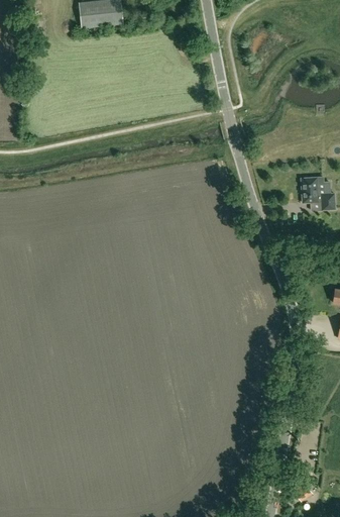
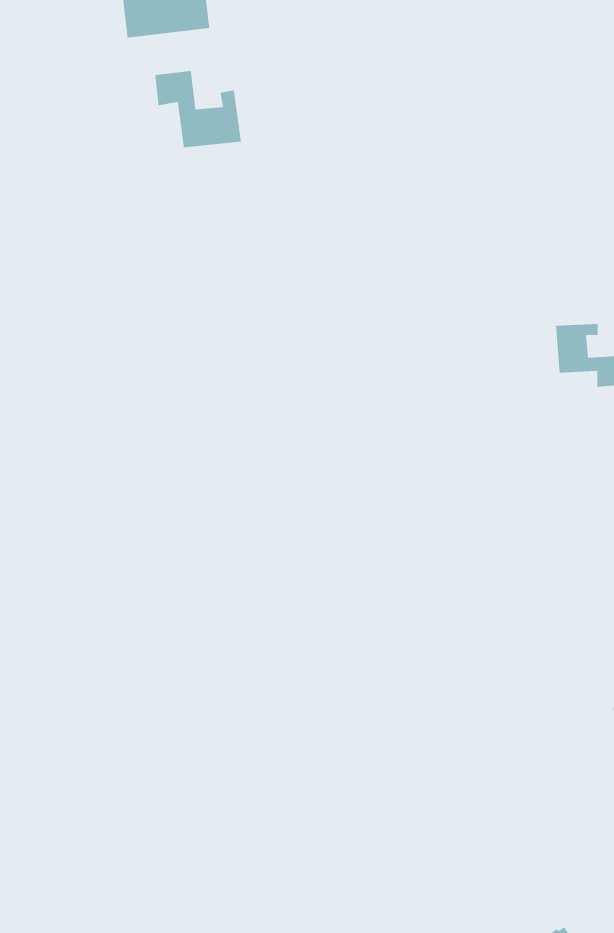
building: none -> [155,70,241,148]

